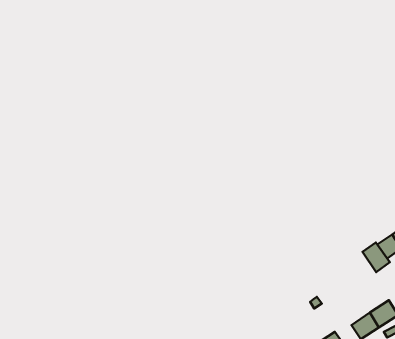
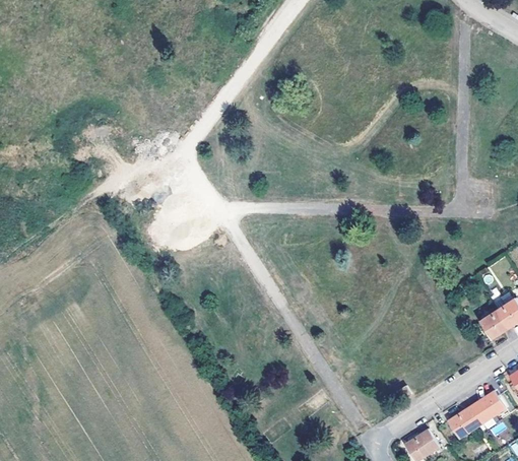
building: [362,242,390,272] -> none

